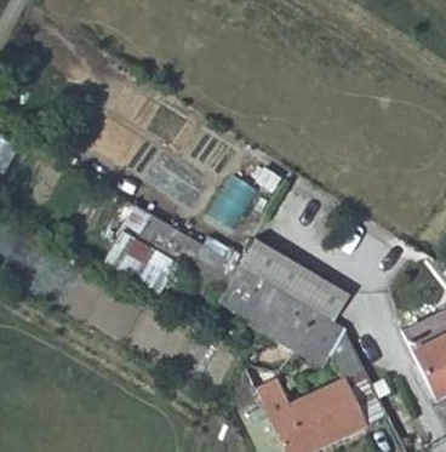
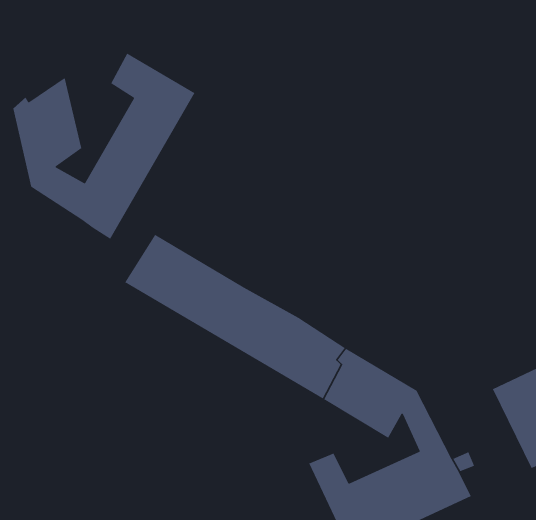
building: none -> [12,53,195,240]
building: [250,247,358,330] -> none

